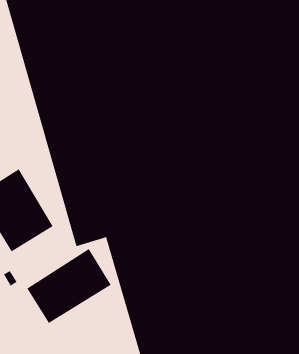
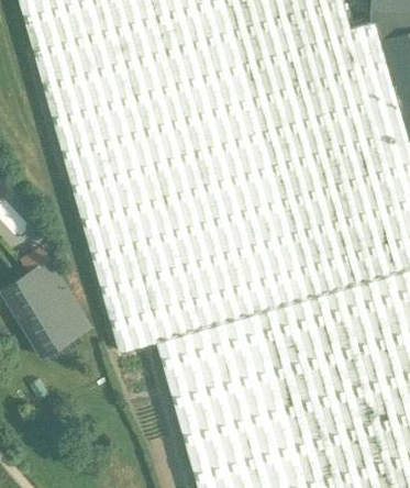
building: [27,248,111,324] -> none

